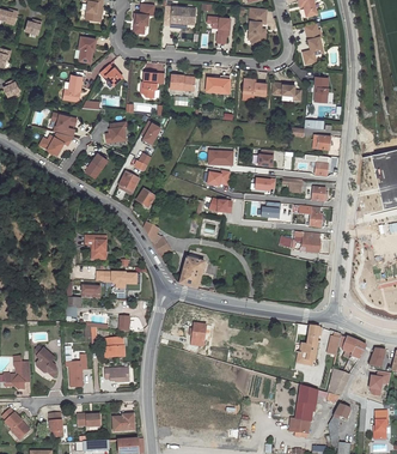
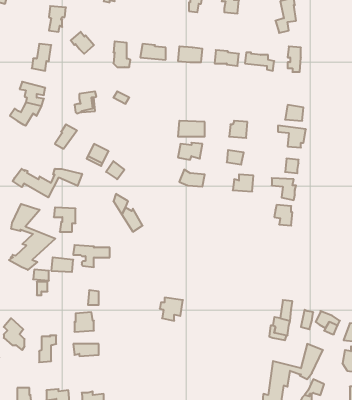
building: none -> [13,169,82,197]
building: none -> [9,204,55,270]
building: [178,258,202,289] -> none

